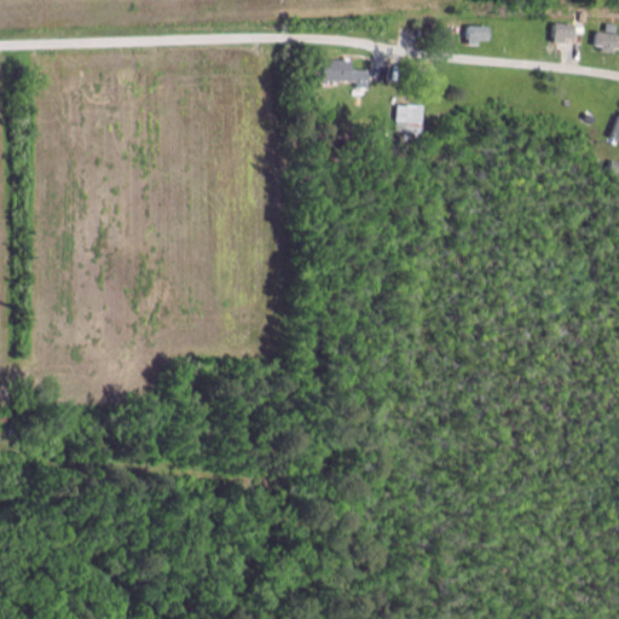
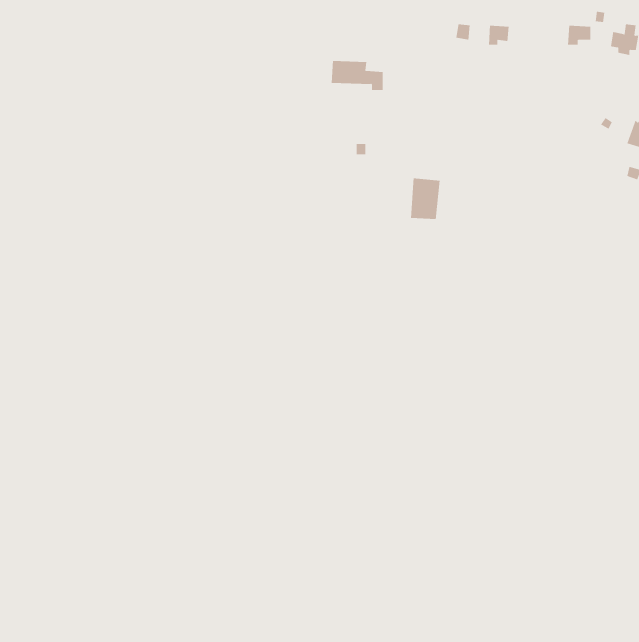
building: [398,103,427,143] -> [410,178,440,220]

